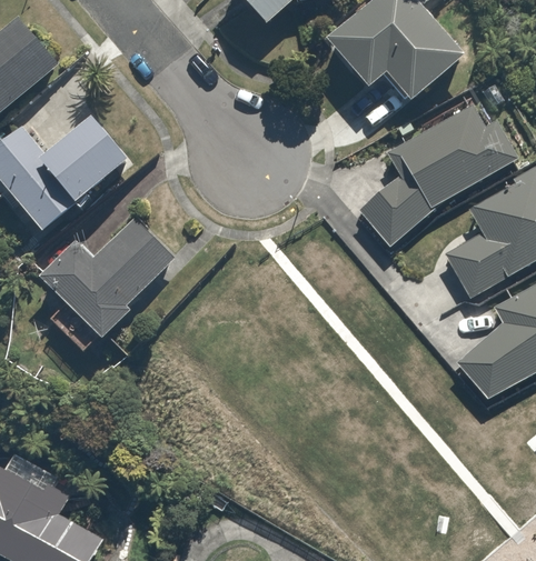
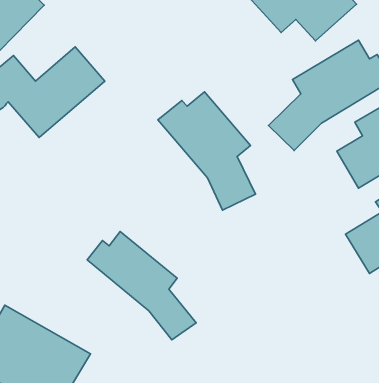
building: none -> [158,92,255,210]
building: [28,217,179,351] -> none
building: none -> [87,231,196,340]

